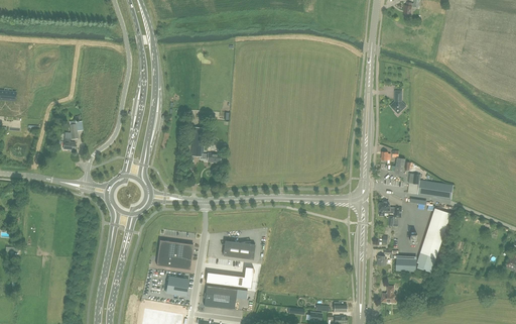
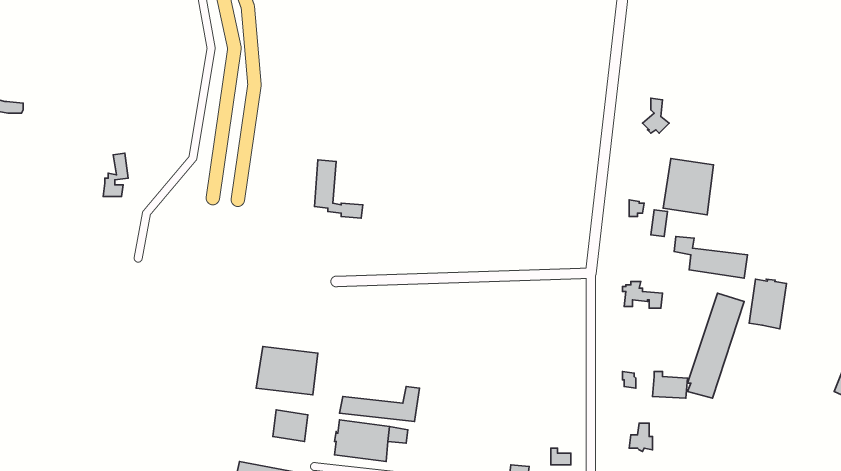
building: none -> [663,158,713,215]
building: none -> [749,279,787,329]
building: [222,239,254,258] -> none

